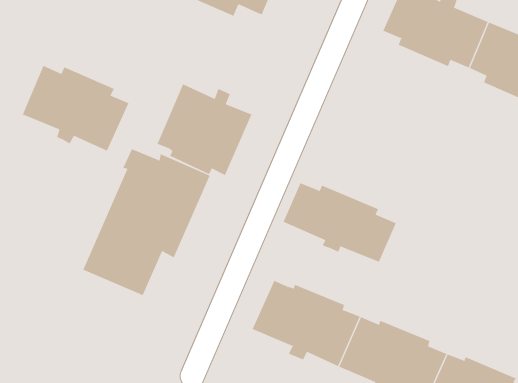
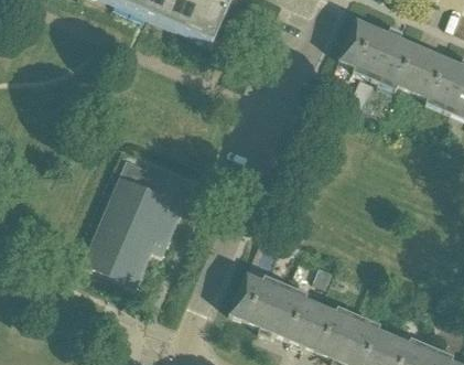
building: [22,65,129,152] -> none
building: [157,84,252,176] -> none
building: [283,182,397,263] -> none

